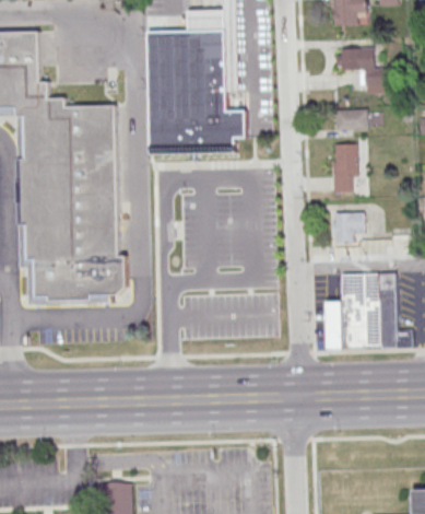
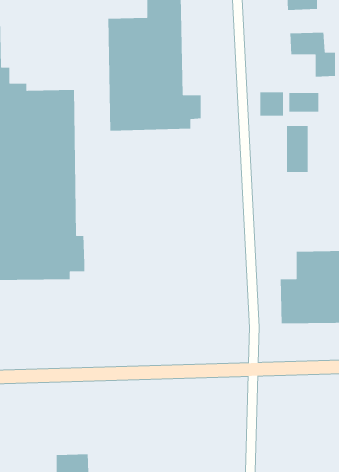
building: none -> [259,91,284,116]
building: [332,212,364,242] -> none

